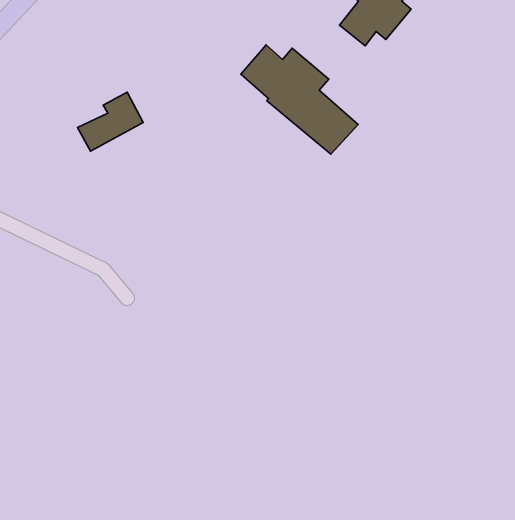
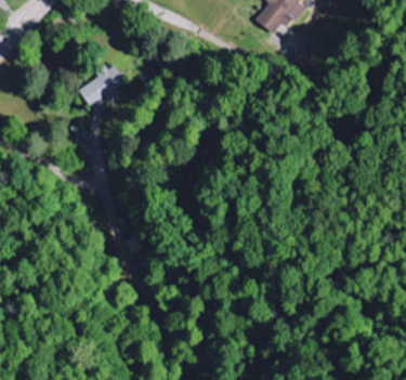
building: [241,45,358,154] -> none

